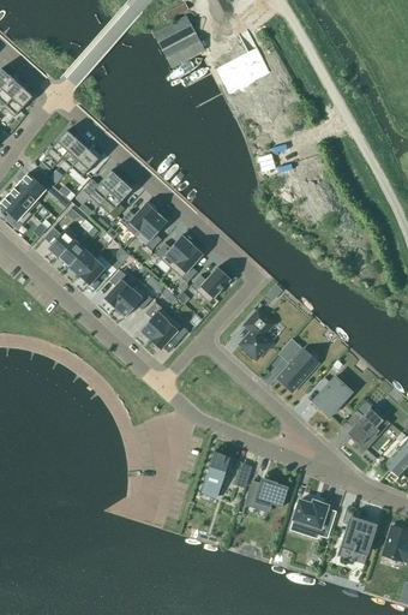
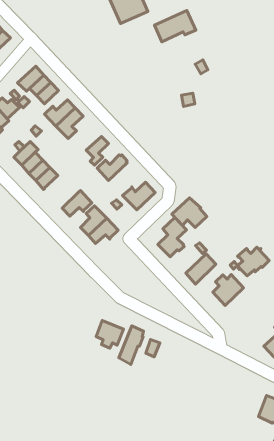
building: [119,202,157,237] -> none
building: [170,244,203,282] -> none
building: [103,269,133,308] -> none
building: none -> [172,198,207,227]
building: [346,407,386,444] -> [237,247,269,276]
building: none -> [96,321,124,348]
building: [246,480,288,507] -> none
building: [293,500,335,538] -> none
building: [336,515,377,565] -> none

